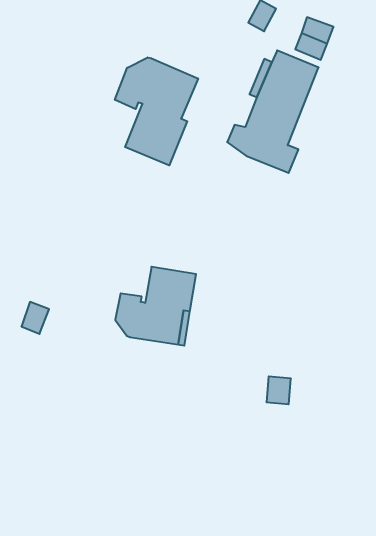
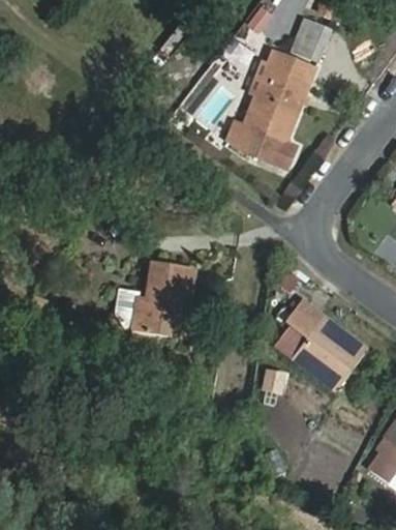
building: [115,57,198,165] -> none
building: none -> [275,299,365,390]

